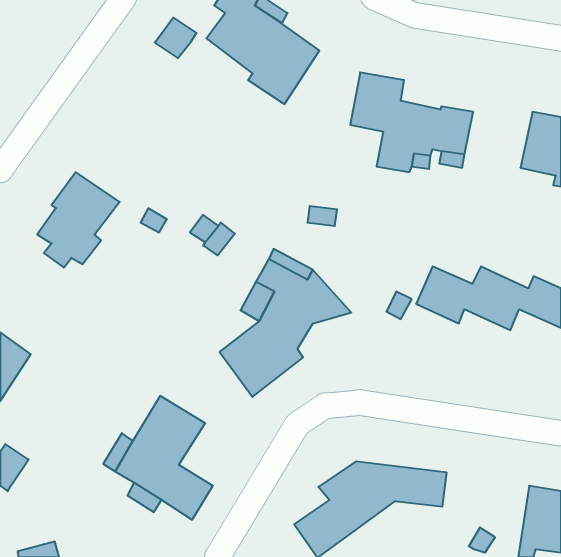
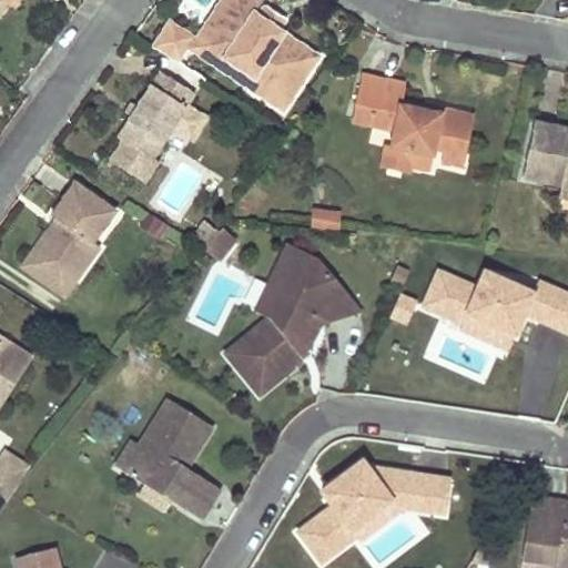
building: none -> [193,6,255,81]
building: none -> [110,65,200,181]
building: none -> [22,237,83,291]

